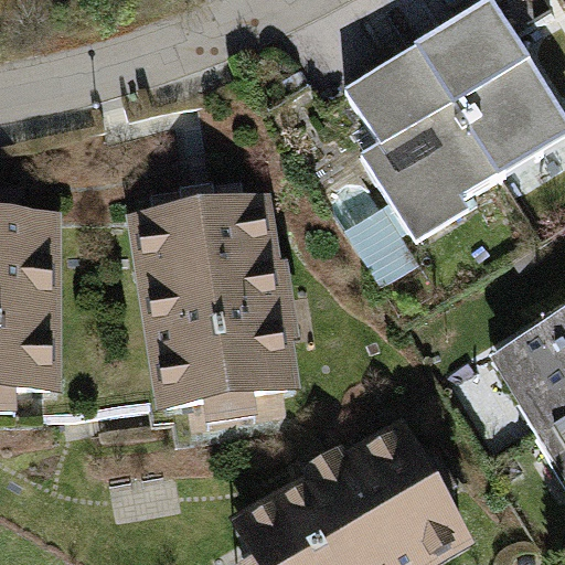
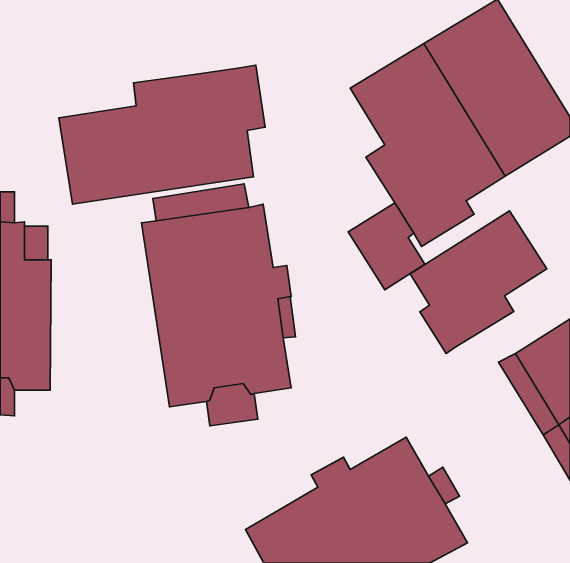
building: none -> [59,65,265,204]
building: none -> [410,211,547,353]

